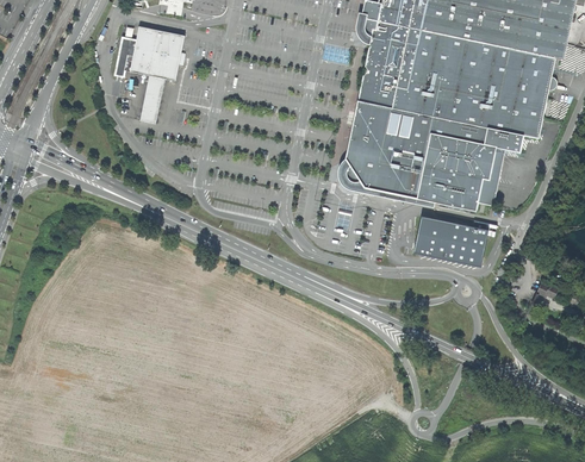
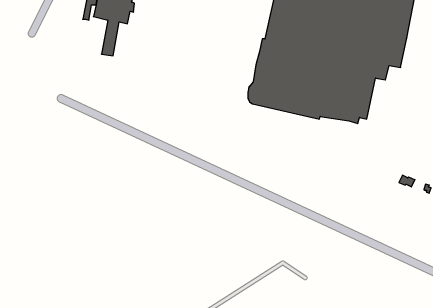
building: [413,214,488,266] -> none

